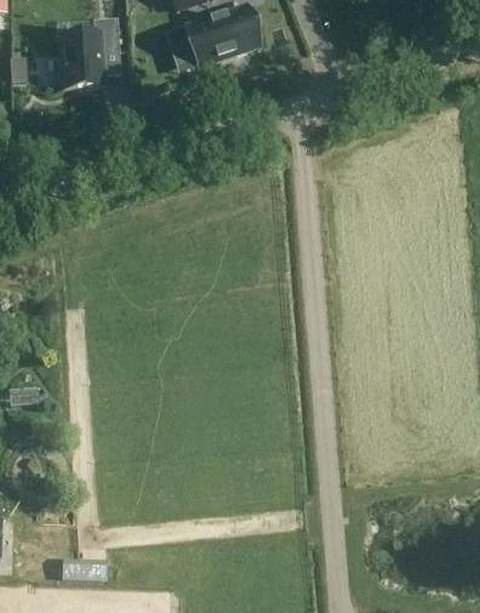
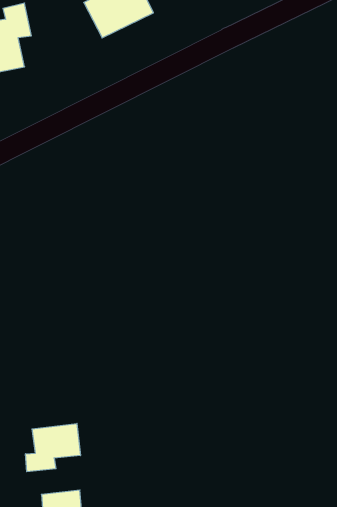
building: none -> [26,423,80,472]

